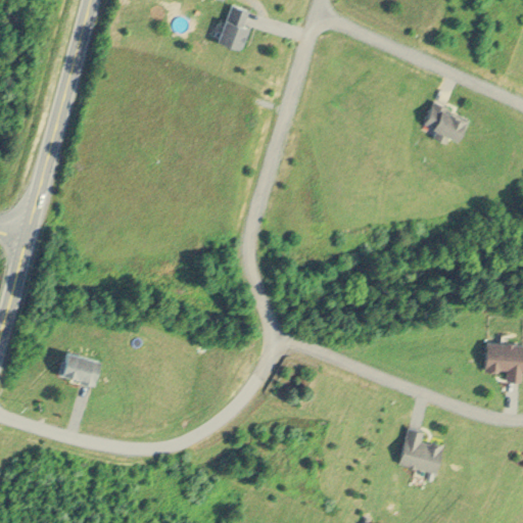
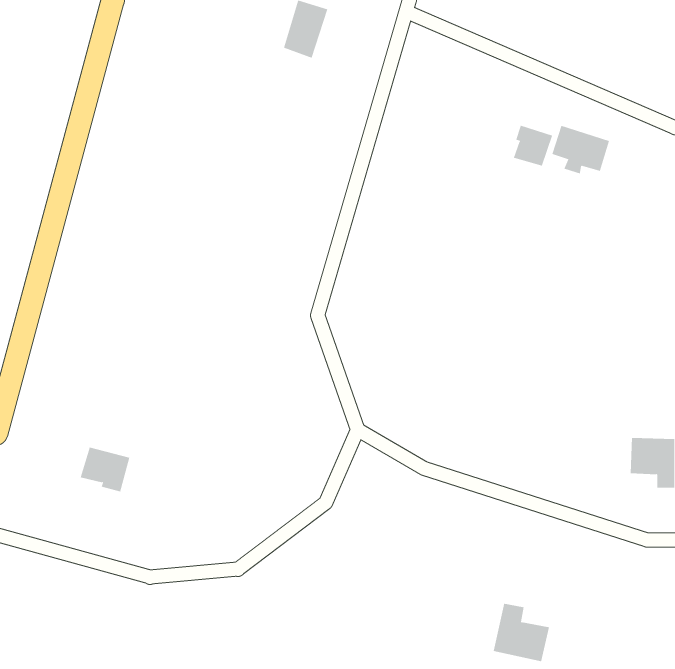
building: none -> [513,125,553,167]
building: [398,430,442,475] -> [493,603,550,662]

